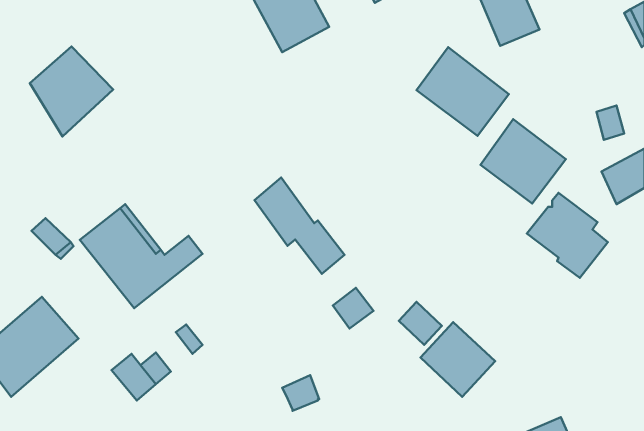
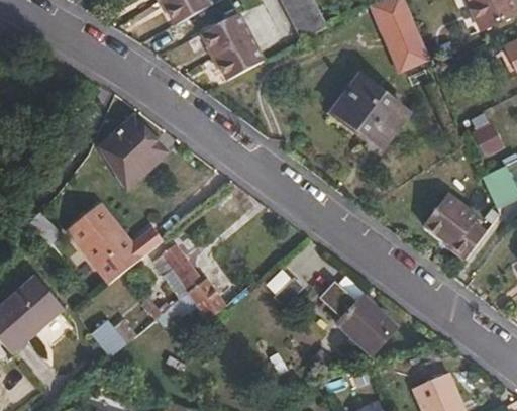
building: [30,46,113,136] -> [100,117,167,189]
building: [480,119,566,204] -> none
building: [255,178,345,274] -> [154,242,226,319]

